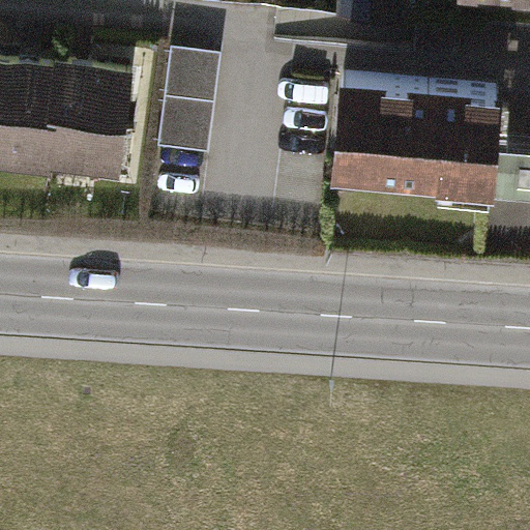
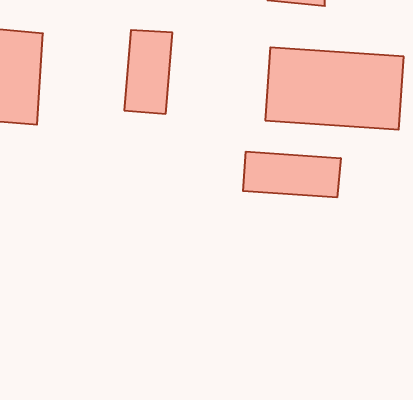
building: [48,62,130,181] -> none
building: none -> [243,152,341,197]

